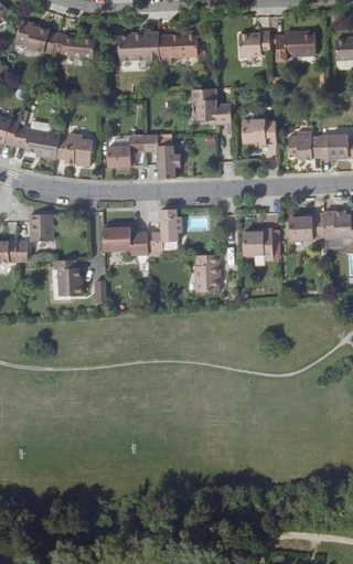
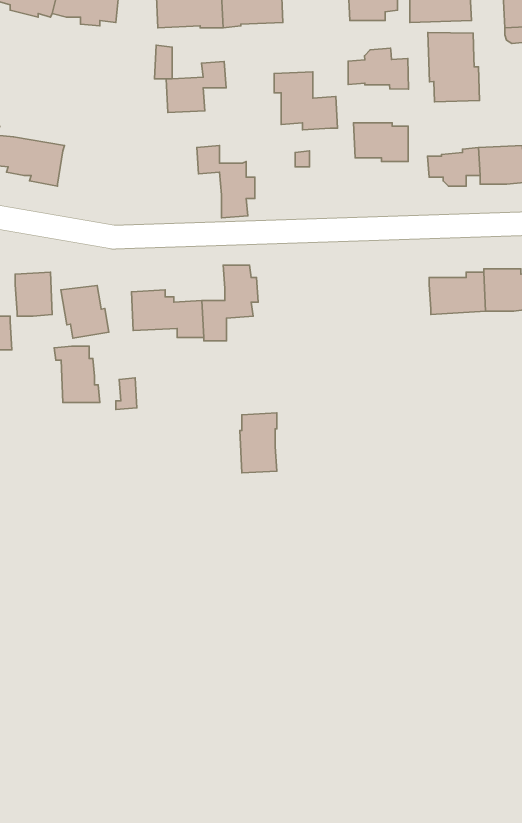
building: none -> [428,32,480,102]
building: none -> [348,48,409,89]
building: [56,132,93,166] -> none
building: [107,135,145,167] -> [166,61,226,112]
building: none -> [61,286,109,338]
building: [243,227,272,260] -> none
building: [195,254,218,291] -> [240,413,277,473]

